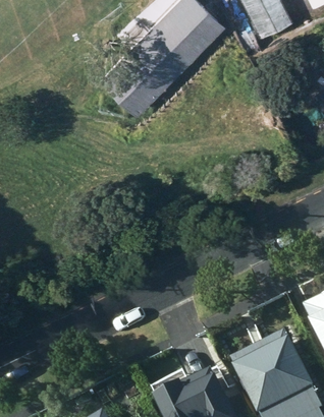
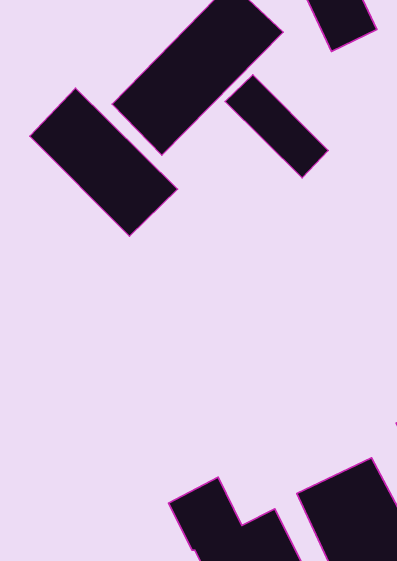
building: none -> [225,75,328,178]
building: none -> [30,88,178,236]

